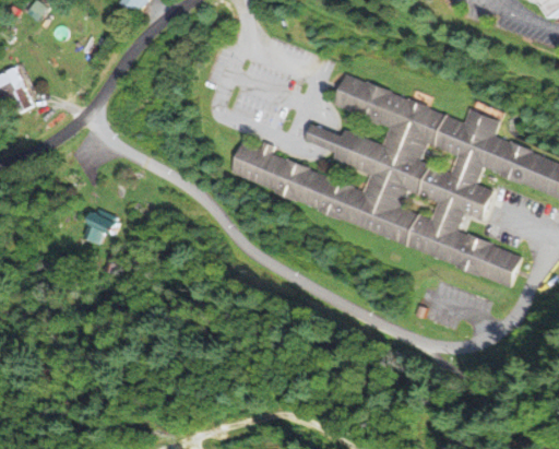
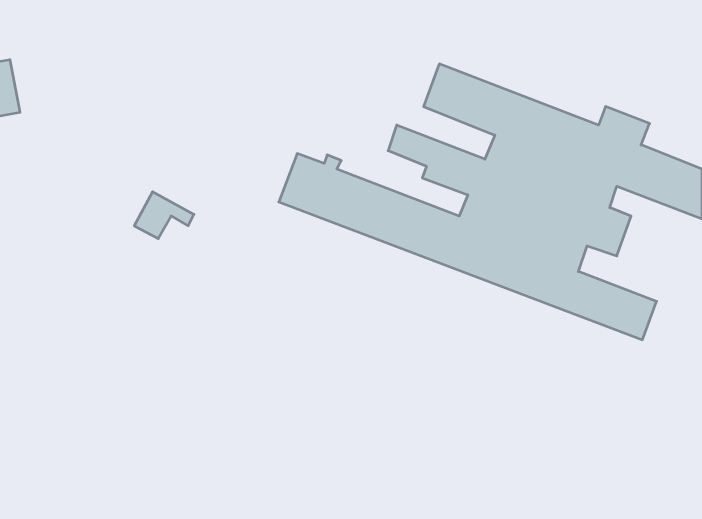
building: [81,209,127,245] -> [134,192,194,239]

